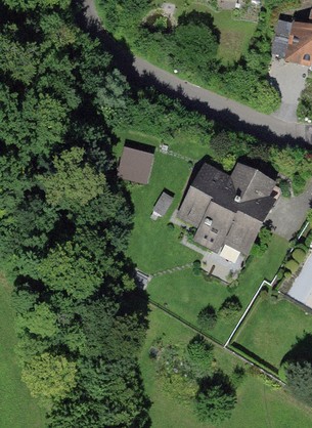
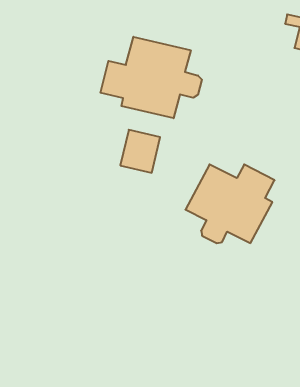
building: none -> [100,37,202,118]

